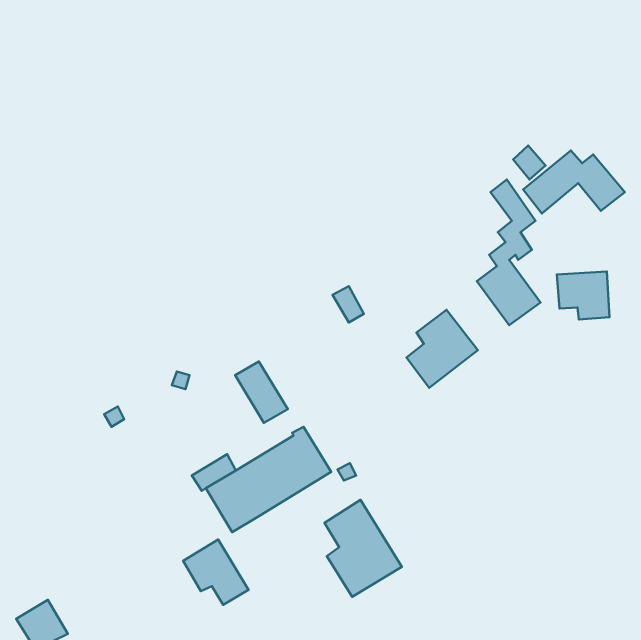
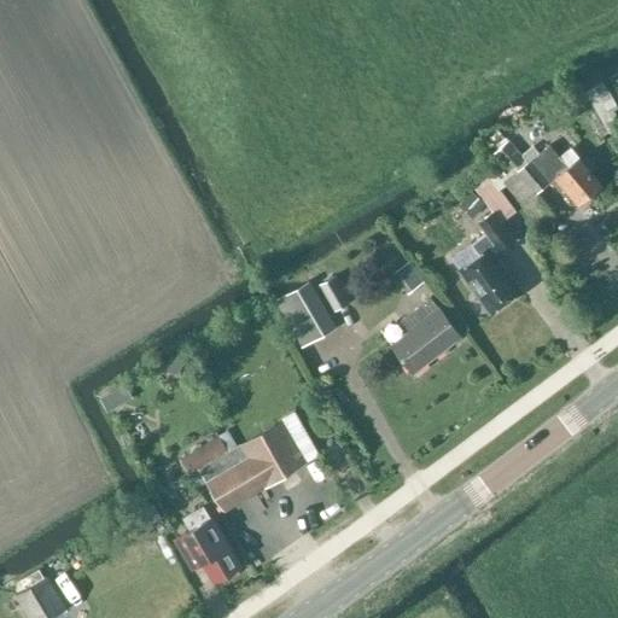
building: [557,271,609,320] -> none
building: [235,361,288,423] -> [286,282,337,342]
building: [324,500,402,597] -> none

